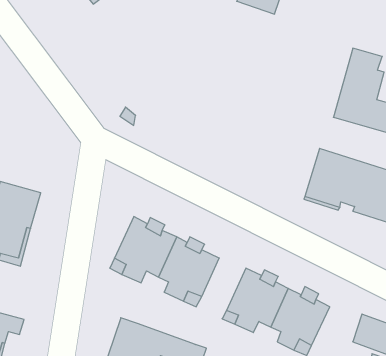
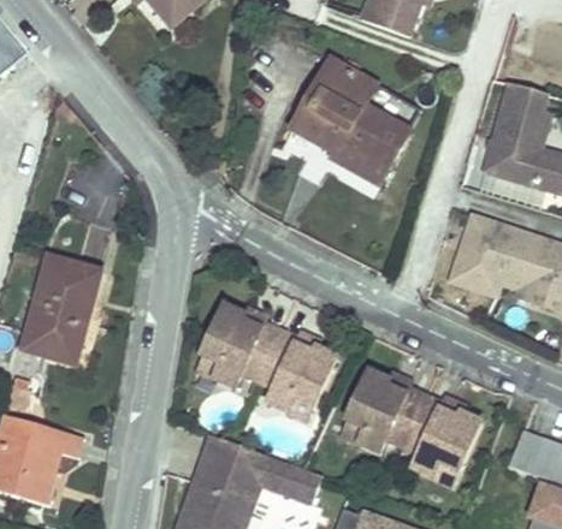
building: none -> [292,60,408,183]

